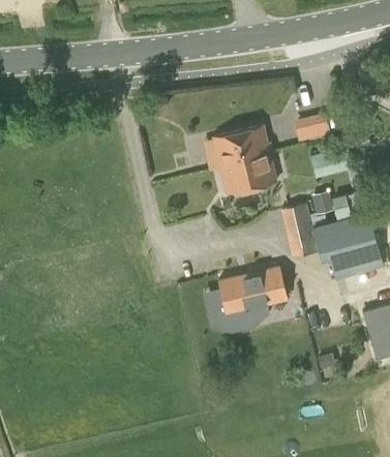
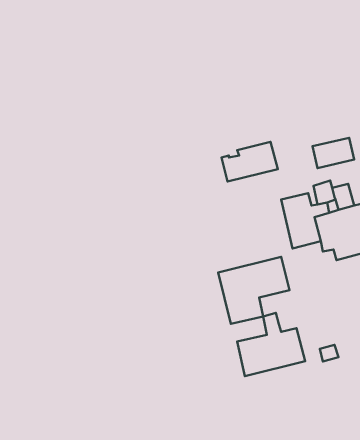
building: [293,114,330,144] -> none
building: [213,126,269,170] -> none
building: none -> [237,313,305,376]

